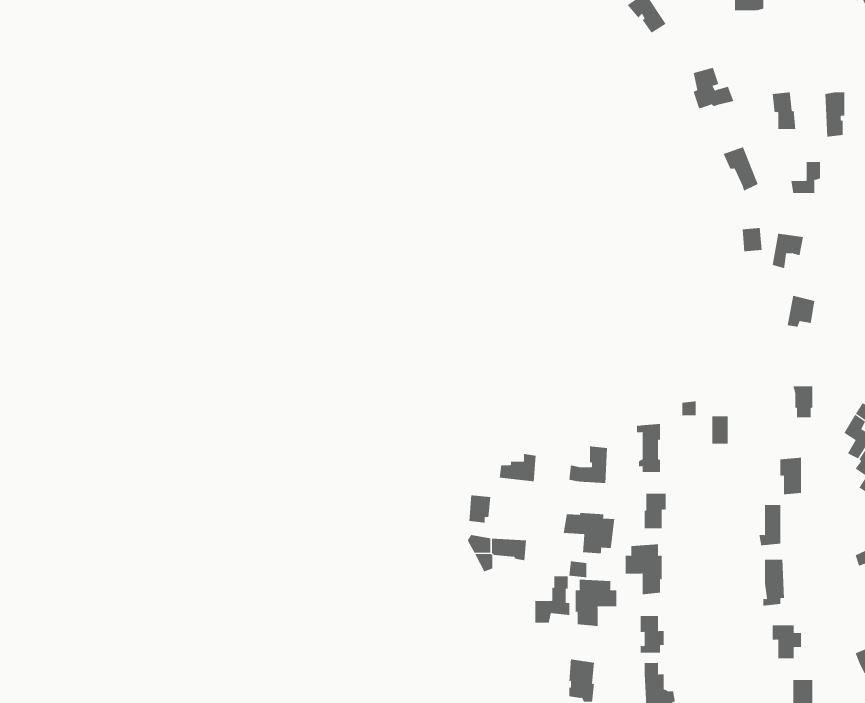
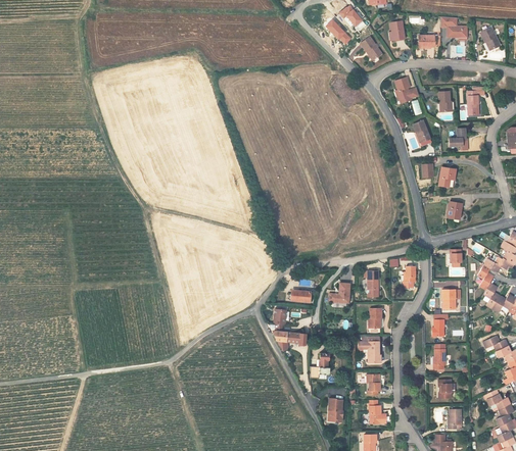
building: [563,512,615,554] -> none
building: [575,579,617,627] -> none

